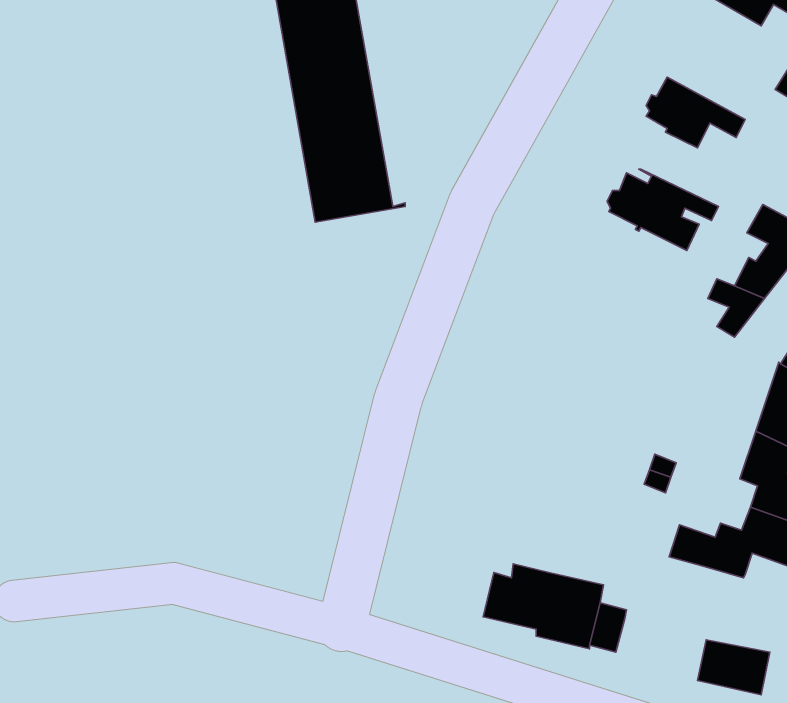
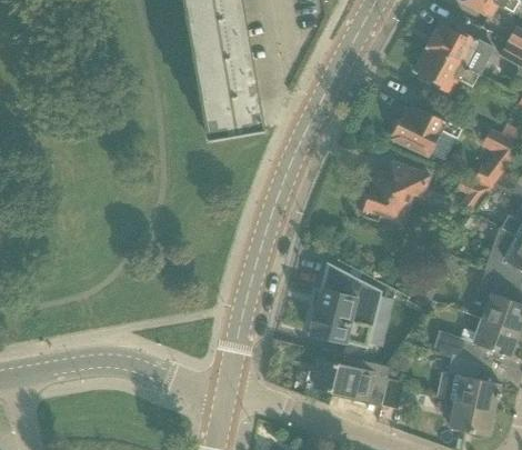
building: none -> [426,23,494,76]
building: none -> [362,162,429,224]
building: none -> [308,262,381,349]
building: none -> [436,356,500,410]

